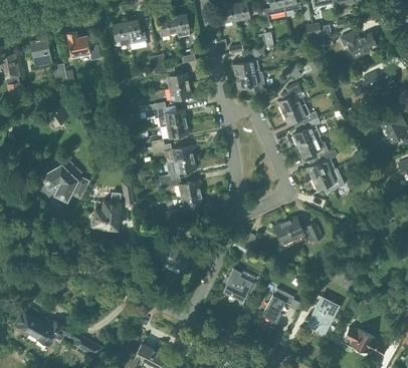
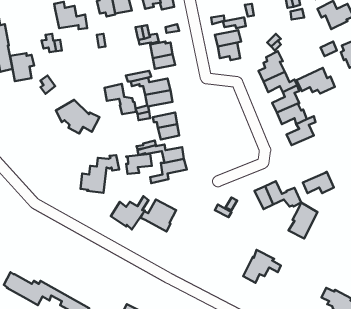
building: [30,38,55,67] -> [10,53,34,81]
building: none -> [296,68,335,93]
building: none -> [104,84,136,114]
building: [42,164,87,200] -> [56,100,99,134]
building: [313,168,345,191] -> [303,172,334,193]
building: none -> [126,154,152,174]
building: none -> [111,196,149,230]
building: [223,269,258,301] -> none
building: [309,296,339,333] -> [289,202,318,238]

